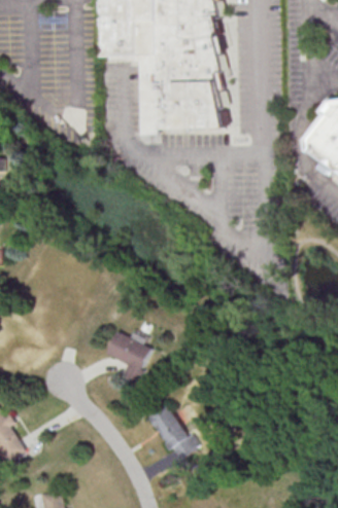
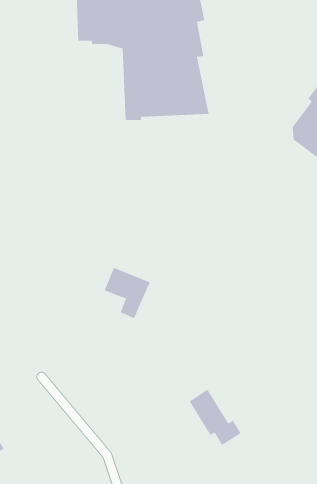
building: [105,333,150,384] -> [104,267,150,319]
building: [145,405,197,461] -> [189,389,241,446]

